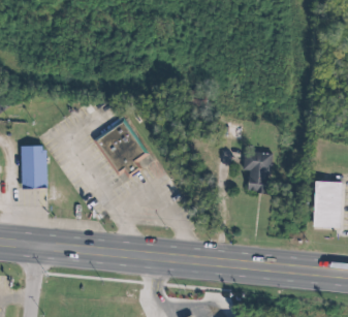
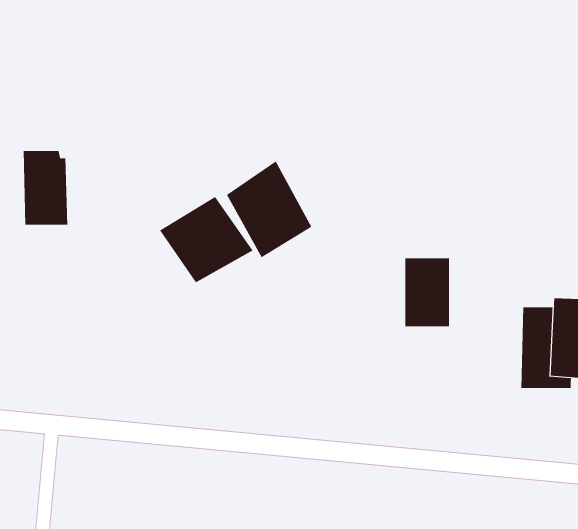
building: none -> [226,161,312,258]
building: [22,142,48,185] -> [23,151,68,225]

